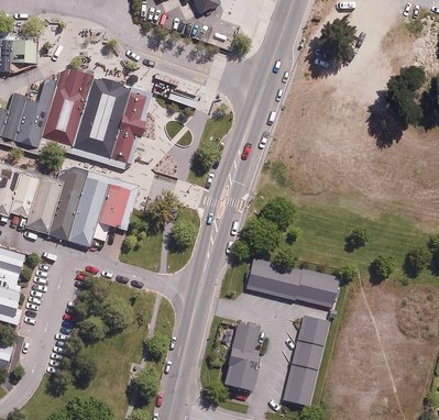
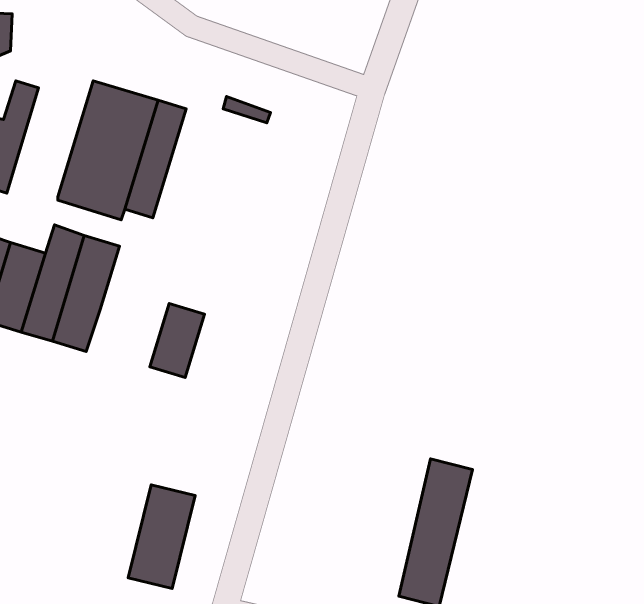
building: [40,68,91,150] -> none
building: [96,180,130,226] -> [150,303,204,377]
building: [245,257,338,307] -> none
building: [222,325,264,390] -> [128,485,195,589]

